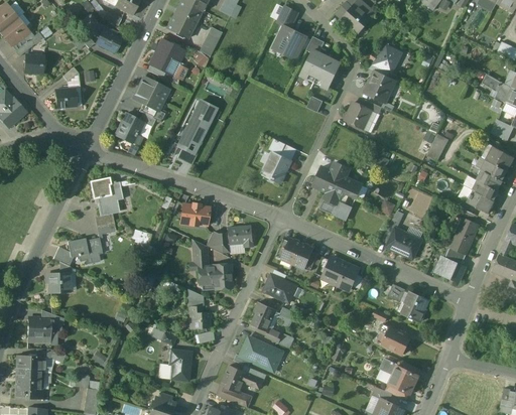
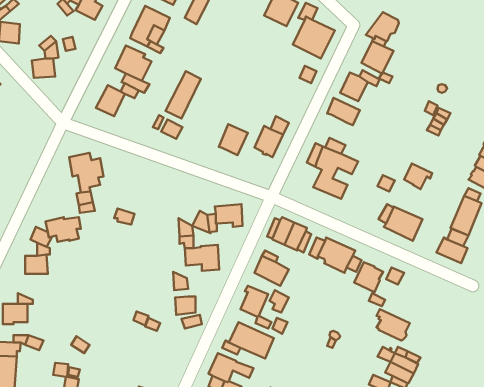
building: none -> [327,98,360,125]
building: none -> [219,124,248,155]
building: [180,202,209,227] -> none
building: [401,293,428,321] -> [354,262,383,292]
building: [169,350,191,381] -> none

